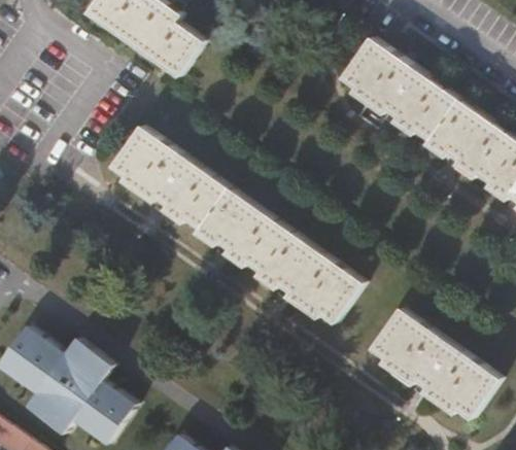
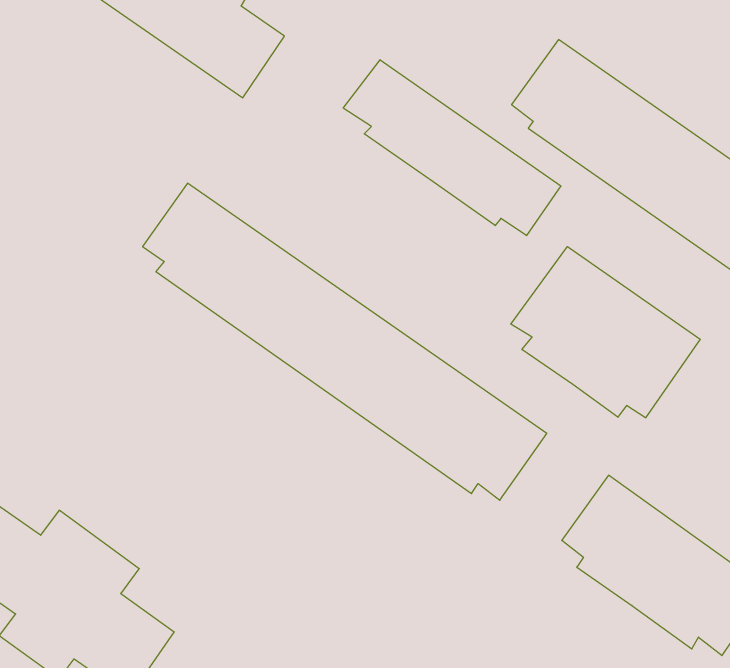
building: none -> [343,60,561,236]
building: none -> [511,247,700,418]

